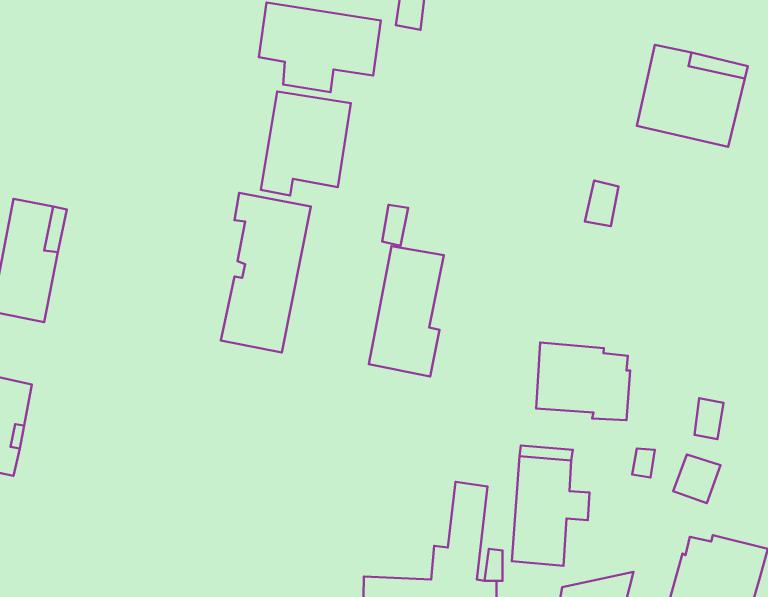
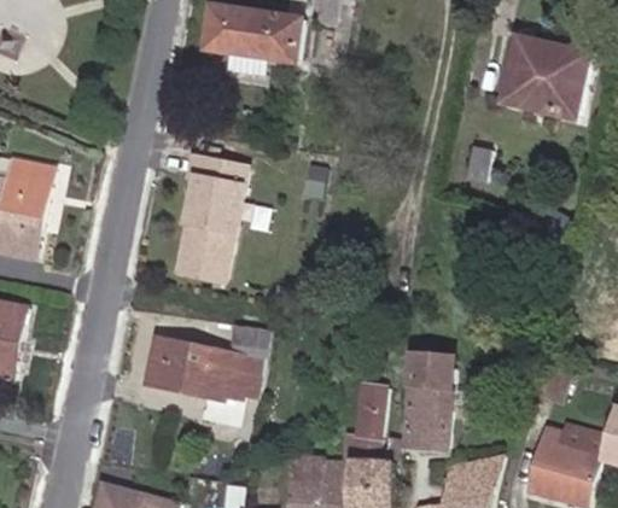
building: [261,91,351,195] -> none
building: [369,246,444,376] -> none
building: [536,342,630,420] -> none
building: none -> [147,323,267,398]

